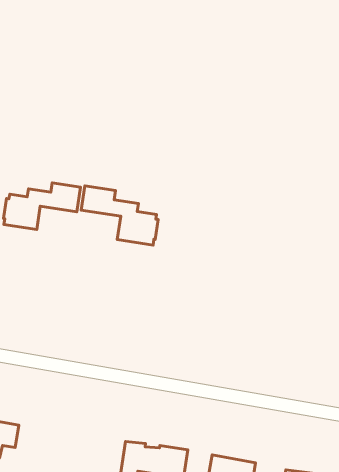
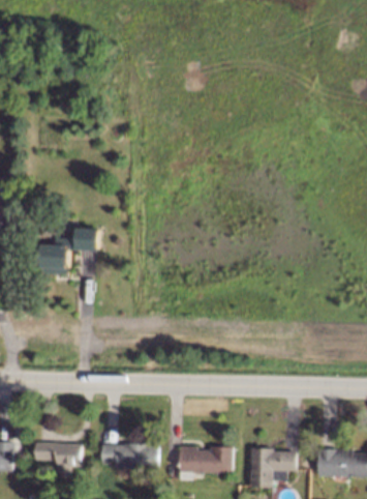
building: [81,186,158,245] -> none
building: none -> [103,443,160,472]

